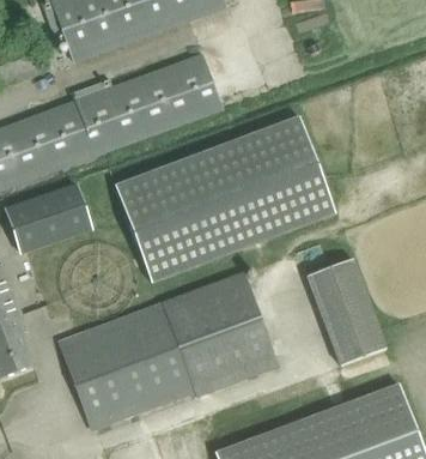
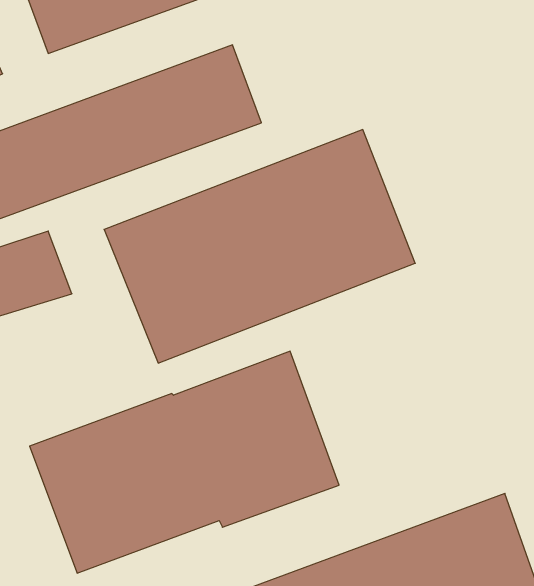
building: [309,259,387,366] -> none

